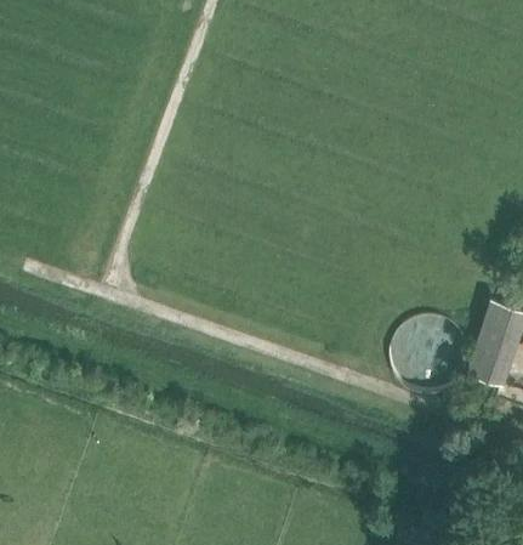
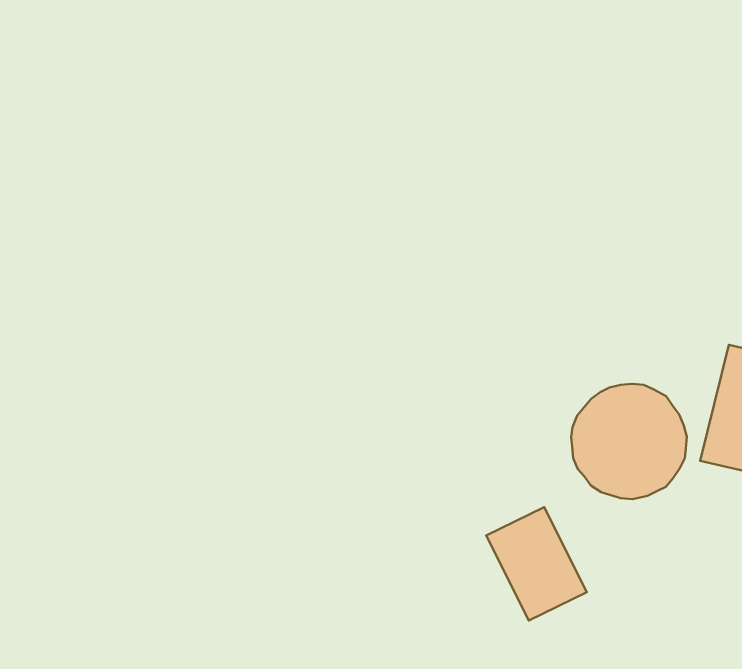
building: none -> [486,507,587,620]

